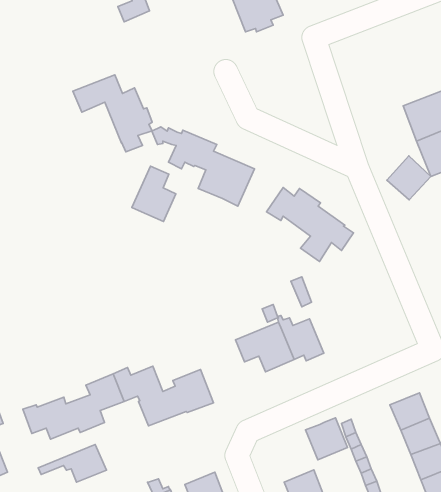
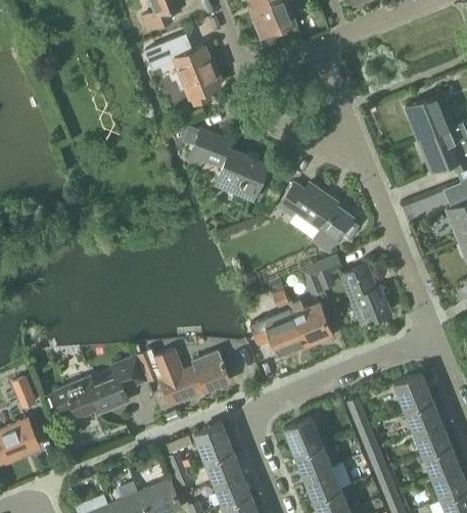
building: [73,75,152,152] -> [145,33,219,104]
building: [387,156,431,200] -> none
building: [132,166,176,222] -> none
building: none -> [312,255,341,289]
building: none -> [341,266,389,325]
building: [306,418,347,460] -> [284,417,323,456]
building: [38,445,106,482] -> [168,423,231,458]

